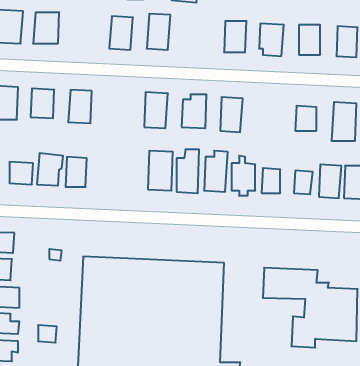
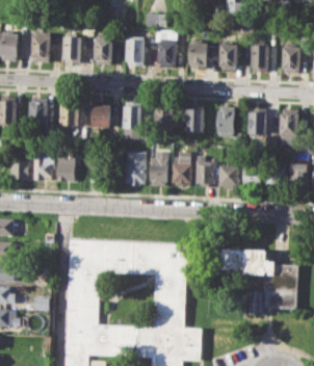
building: none -> [61,36,80,63]
building: none -> [157,42,176,68]
building: none -> [90,101,110,130]
building: none -> [216,107,235,136]

